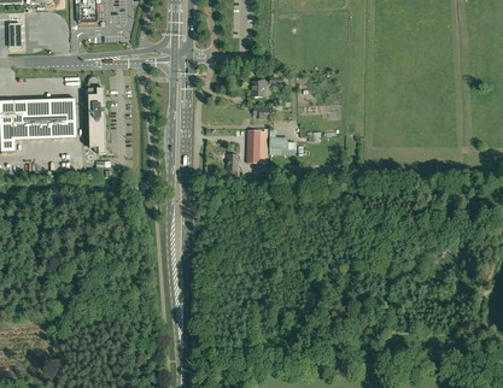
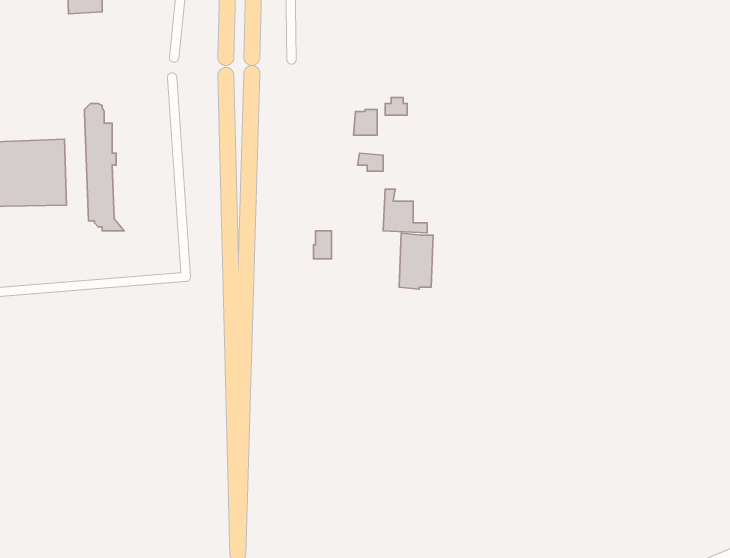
building: [246,129,267,163] -> [399,233,433,289]

